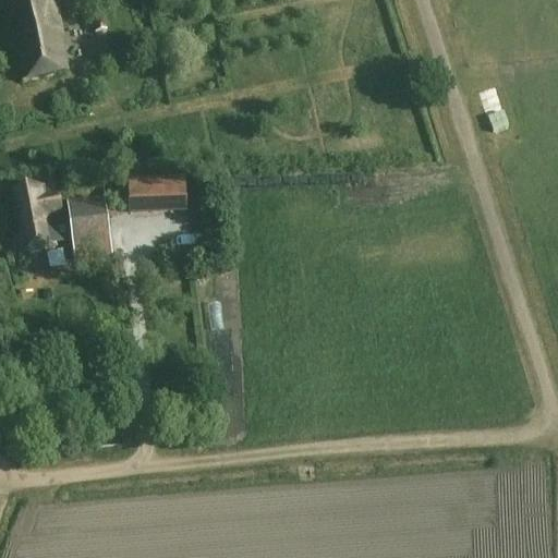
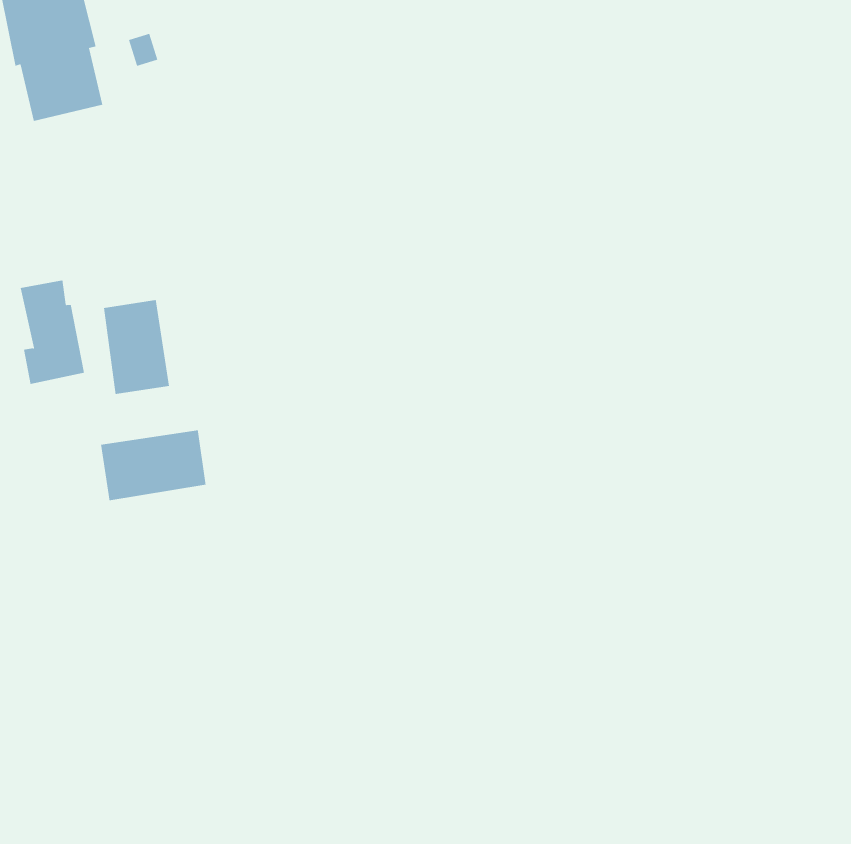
building: [129,175,187,208] -> none
building: none -> [100,430,206,501]

